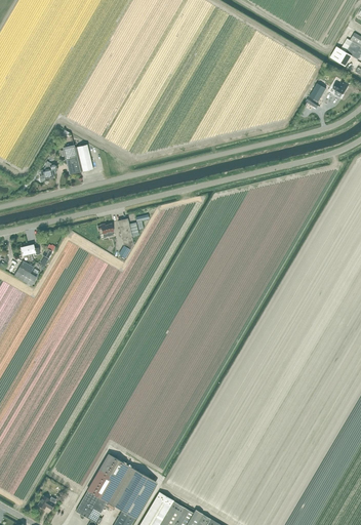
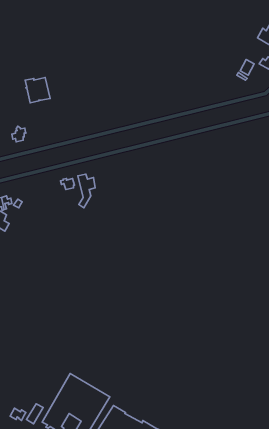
building: [64,145,93,174] -> [25,78,50,103]

